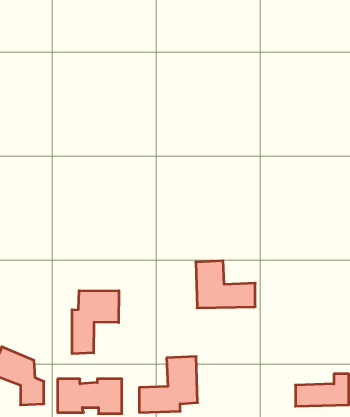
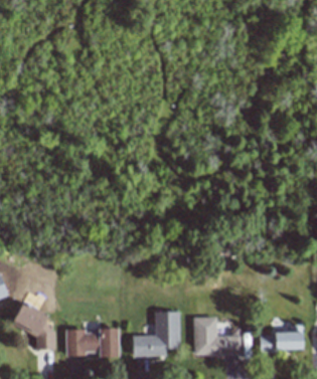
building: [196,261,255,308] -> [194,318,243,356]
building: [72,291,119,354] -> none

